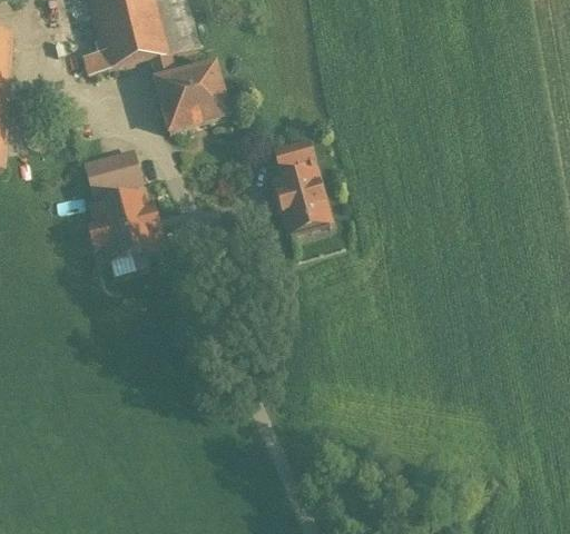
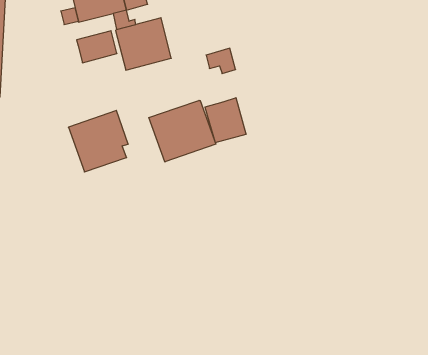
building: [274,140,313,174] -> [206,48,236,74]
building: [85,150,138,192] -> [77,31,117,63]
building: none -> [149,100,216,162]

